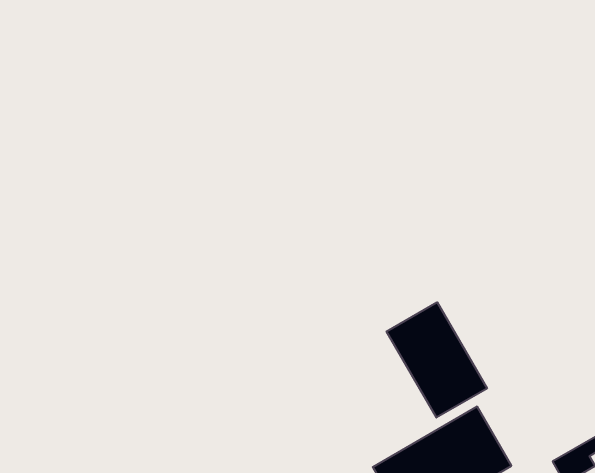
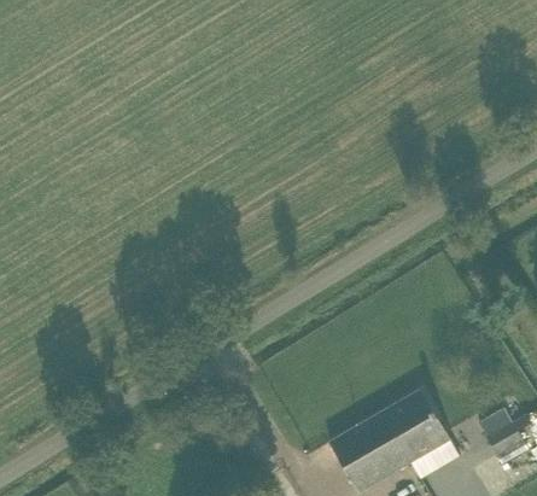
building: [387,302,487,418] -> none

